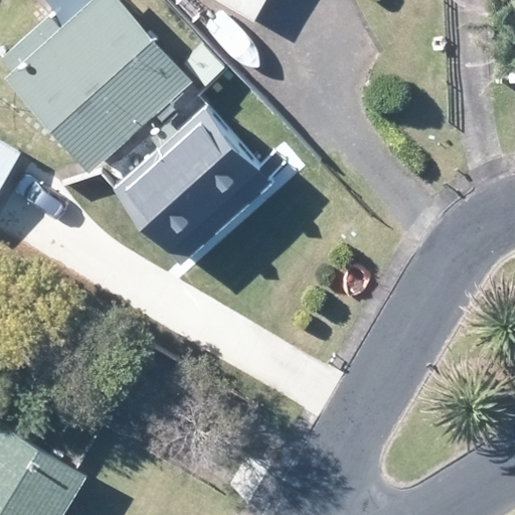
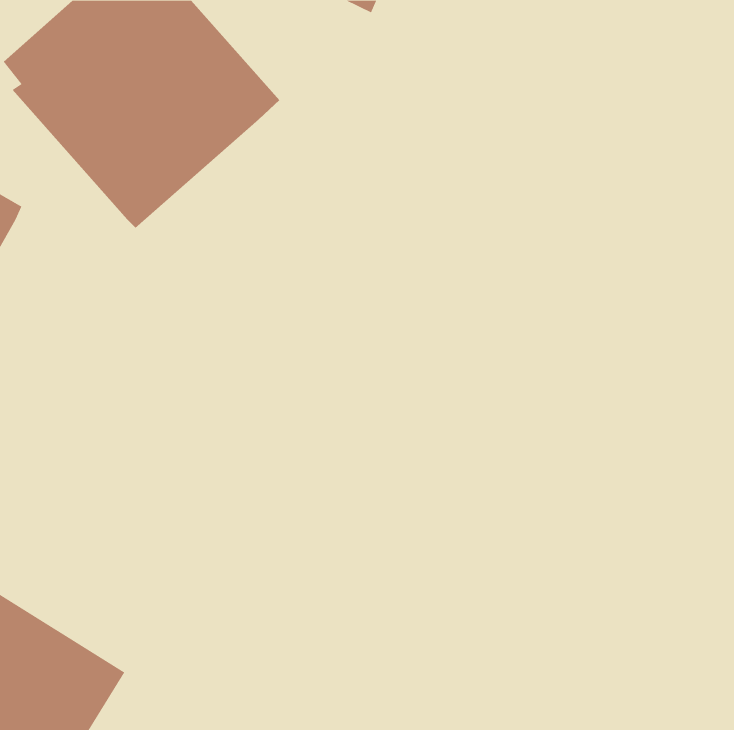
building: [115,110,271,264] -> none

